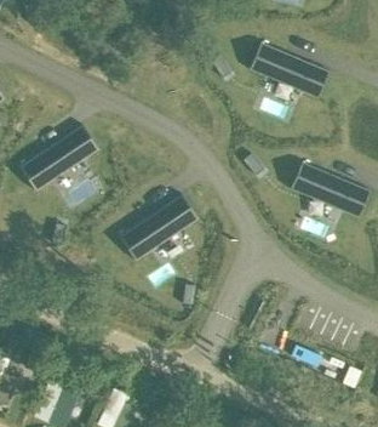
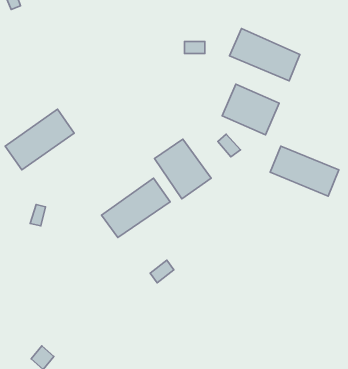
building: none -> [222,84,279,135]
building: none -> [155,139,211,199]

